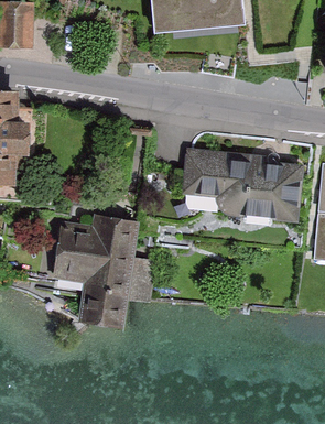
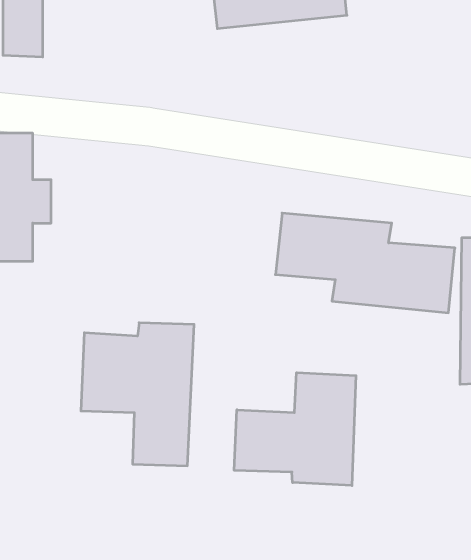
building: none -> [234,373,356,486]

